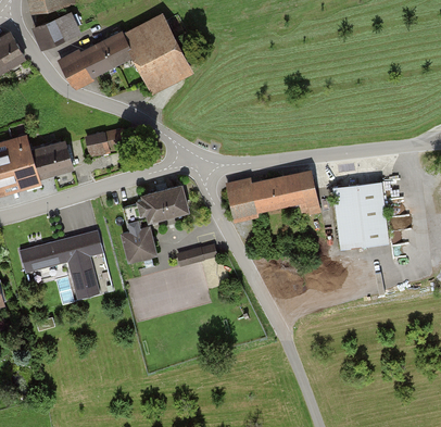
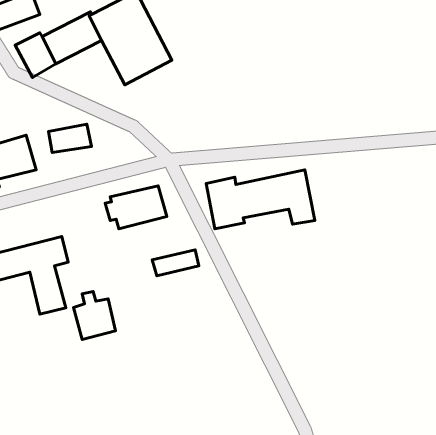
building: [333,184,388,249] -> none
building: [121,219,158,262] -> [74,291,115,339]

